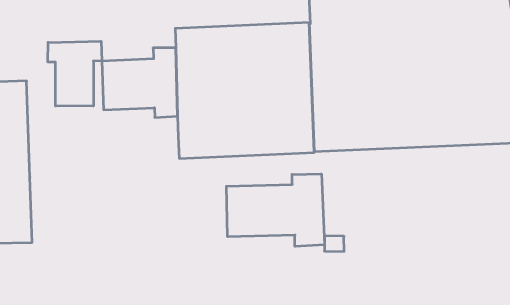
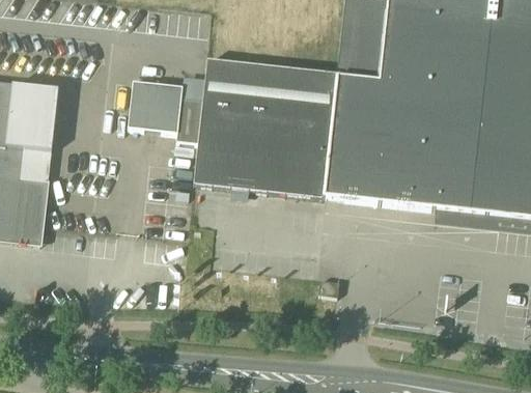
building: [48,41,102,106] -> none
building: [226,174,324,246] -> none

